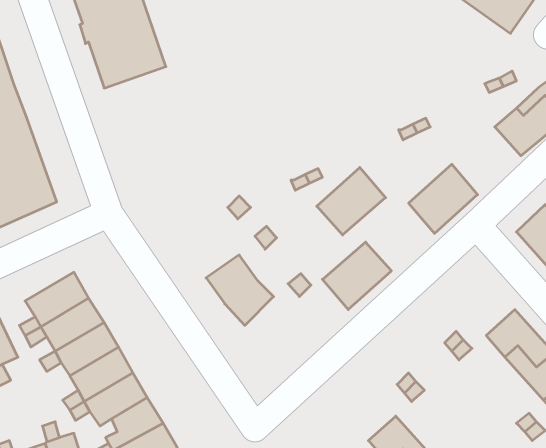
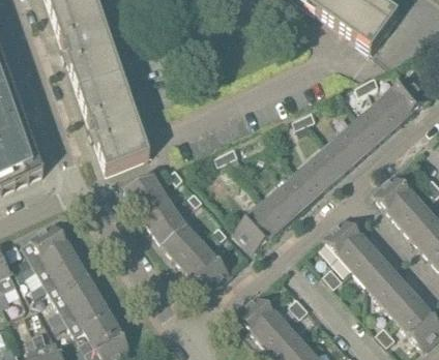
building: none -> [78,73,149,170]
building: none -> [328,117,378,166]
building: [317,167,386,235] -> [266,172,316,220]
building: none -> [125,176,175,226]
building: none -> [325,217,374,267]
building: none -> [179,239,230,292]
building: none -> [241,294,288,342]

